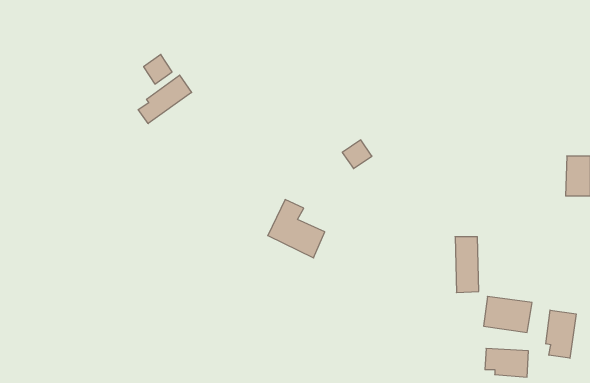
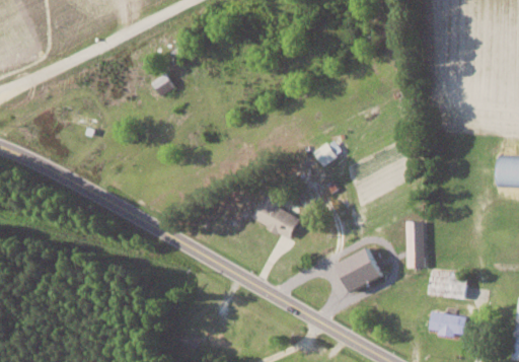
building: [138,75,192,124] -> none
building: none -> [338,248,383,292]
building: [546,310,576,358] -> none

